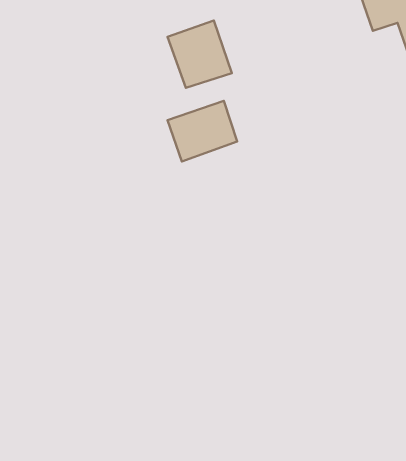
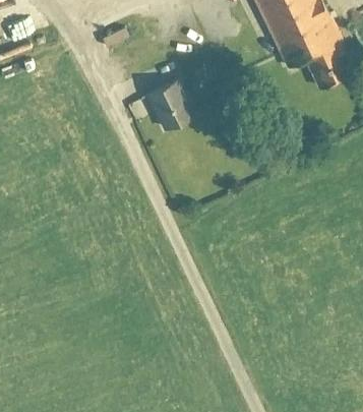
building: [167,101,237,162] -> none

